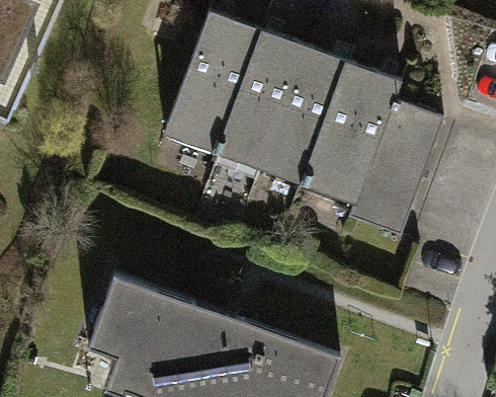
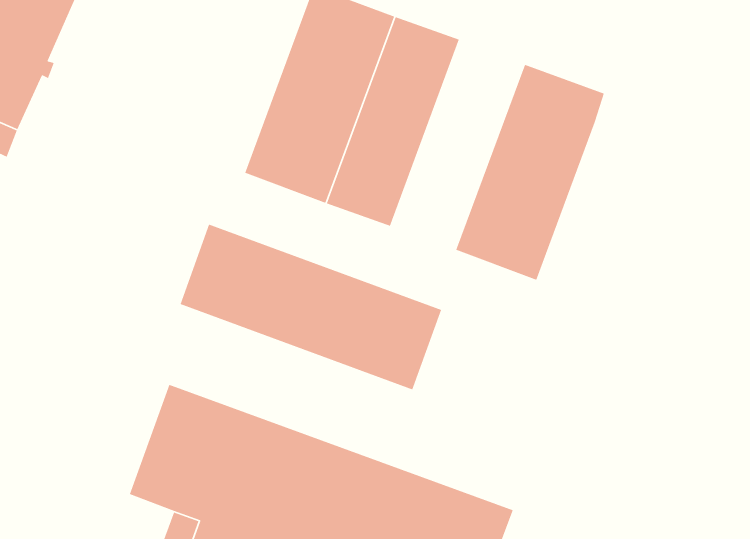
building: [258,46,346,184] -> none
building: [348,100,442,236] -> none
building: none -> [180,224,442,391]

